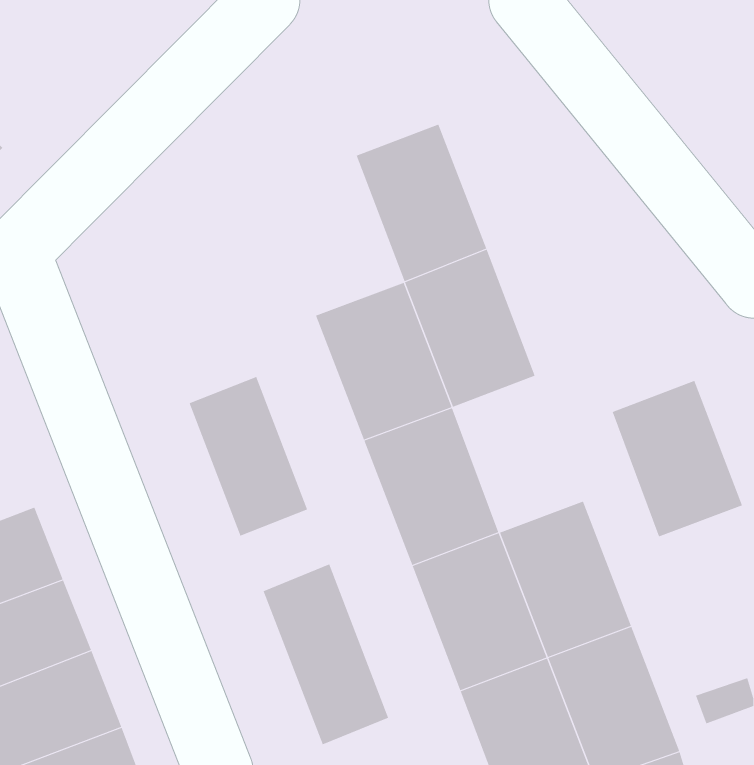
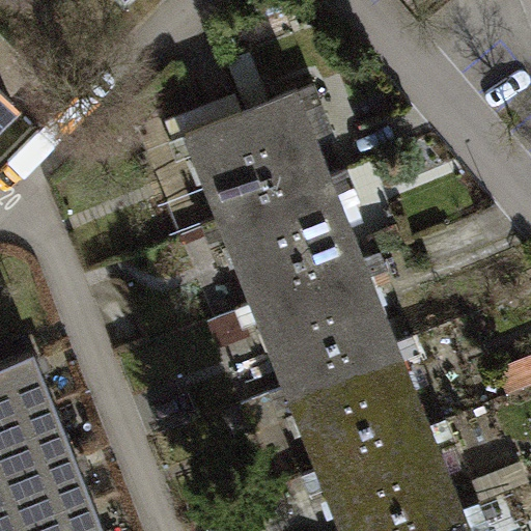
building: none -> [184,111,278,221]
building: [189,376,308,537] -> none
building: [612,380,743,537] -> [311,262,401,370]
building: [263,564,389,745] -> none

